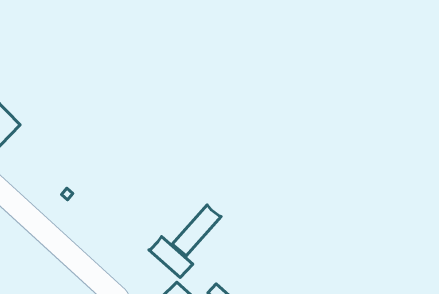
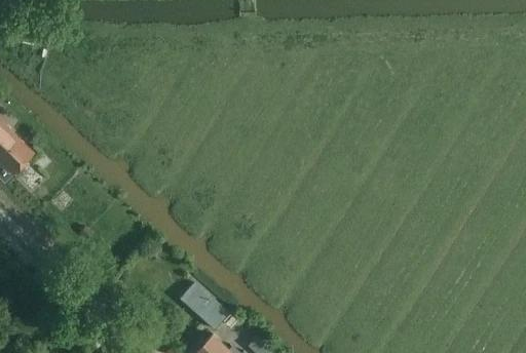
building: [172,205,221,256] -> none

